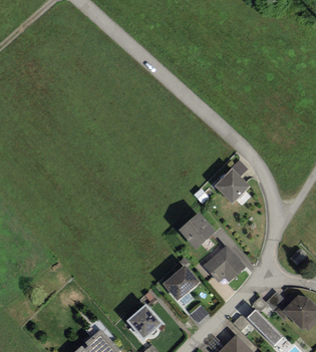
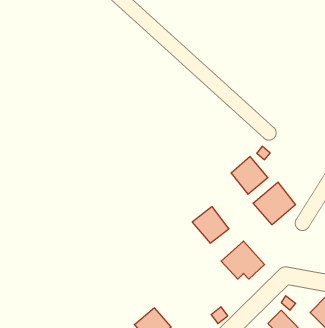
building: none -> [253,182,295,225]
building: [163,266,199,300] -> none

